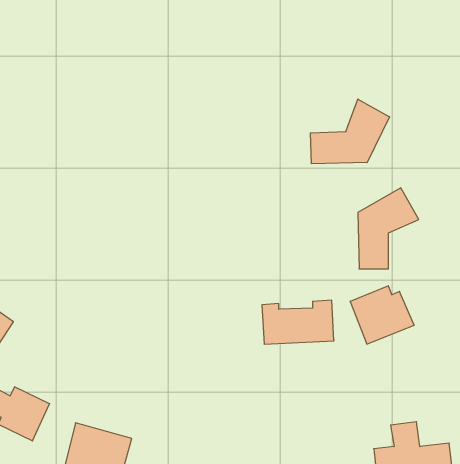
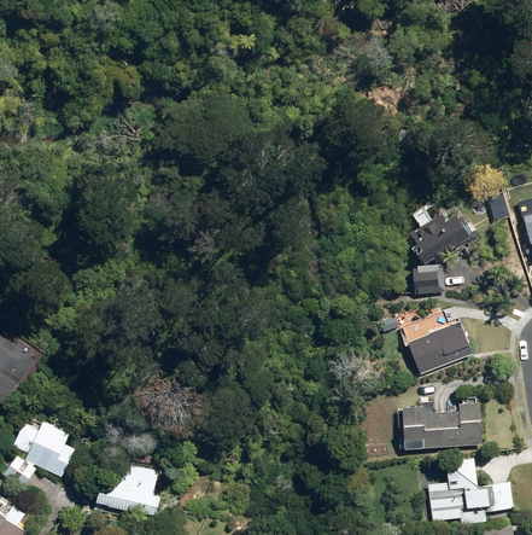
building: [310,99,390,164] -> none
building: [262,300,334,344] -> [404,402,481,449]

